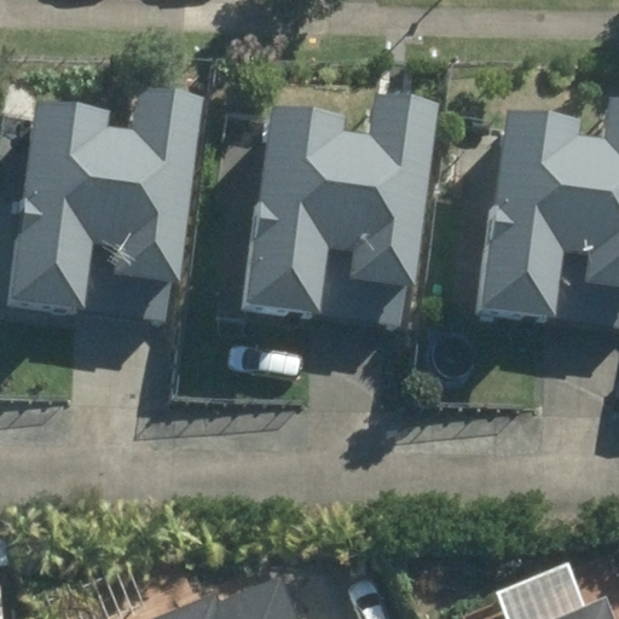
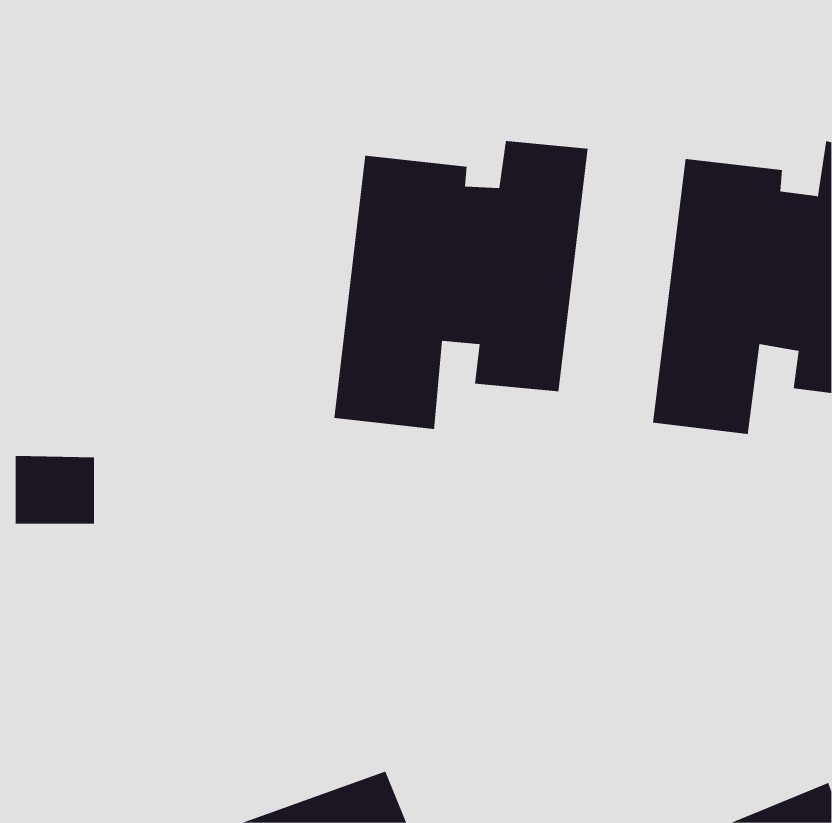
building: [12,96,199,313] -> none

